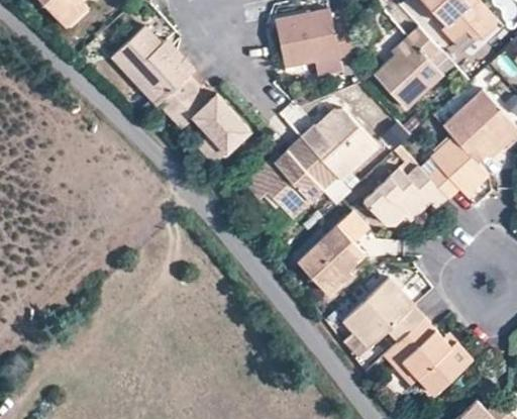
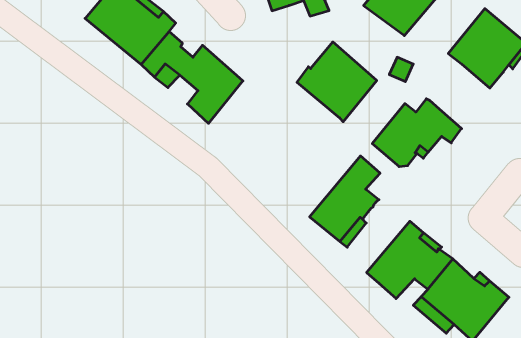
building: [244,137,336,217] -> none
building: [429,138,488,200] -> none

